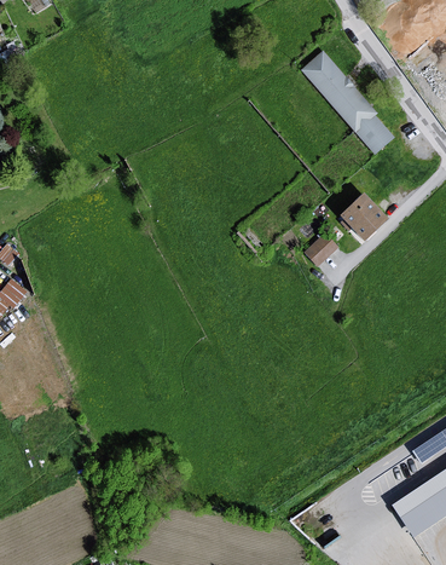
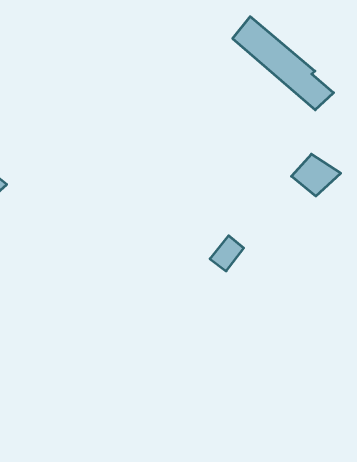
building: [305,230,340,265] -> [210,236,244,271]

